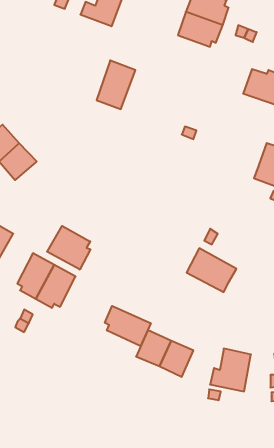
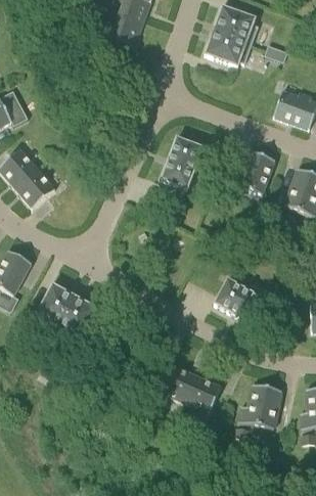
building: [97,60,135,109] -> [162,137,202,188]
building: none -> [237,150,275,194]
building: [47,226,90,270] -> none
building: [105,306,151,346] -> none

